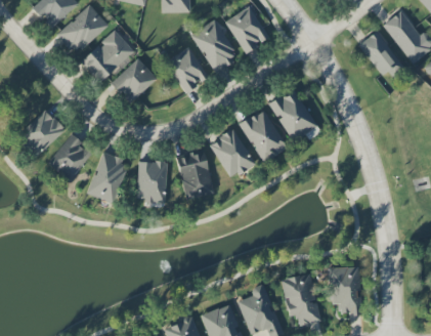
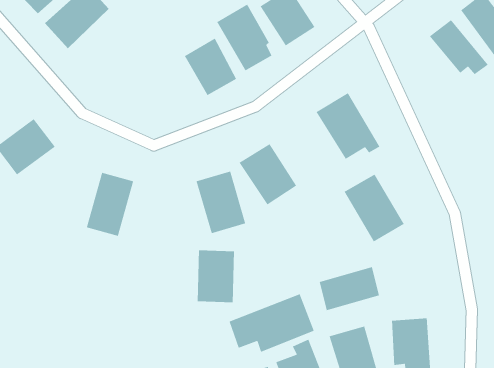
building: [80,30,134,83] -> none
building: [111,58,157,103] -> none
building: [240,109,288,163] -> [344,173,405,242]
building: [48,135,93,180] -> none
building: [137,161,167,203] -> [197,250,235,303]
building: none -> [319,266,380,311]
building: none -> [229,293,315,353]

